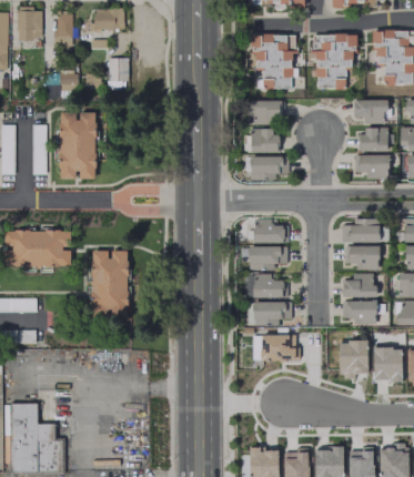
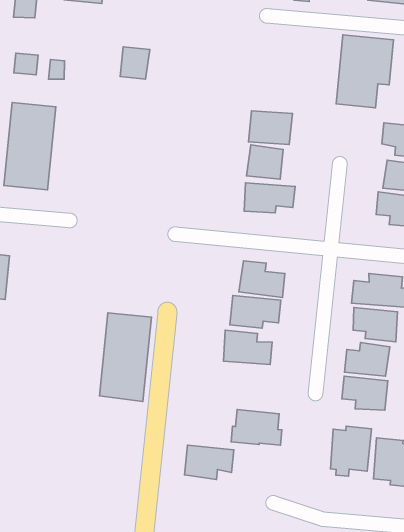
building: [254,34,292,89] -> none
building: [108,58,129,81] -> [120,47,150,79]
building: [93,251,128,317] -> [99,313,151,402]
building: [253,302,290,326] -> [184,445,234,480]

